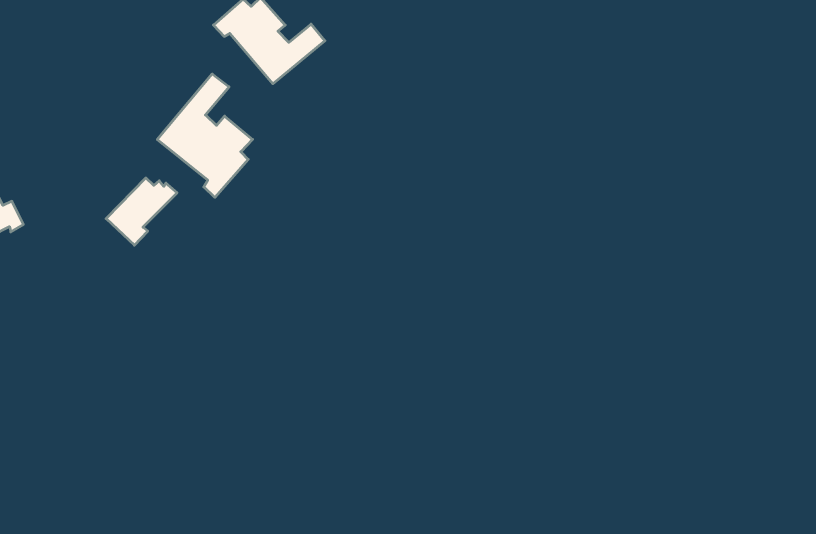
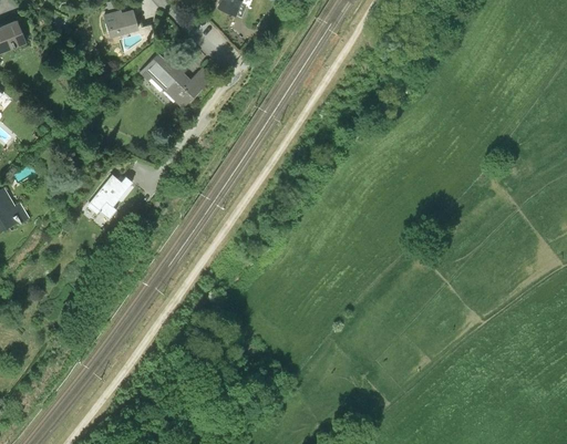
building: [157,74,253,197] -> none

